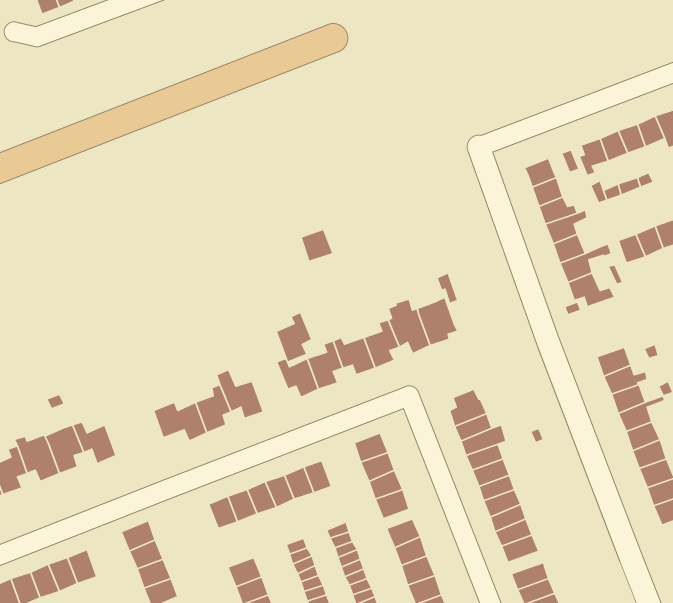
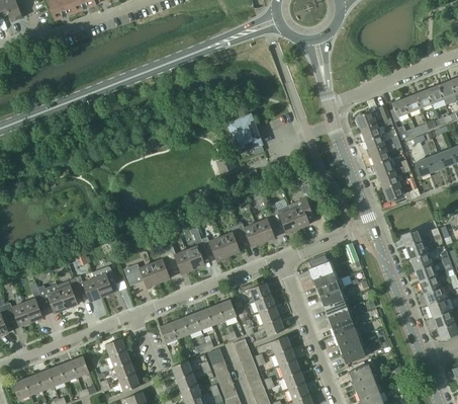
building: none -> [227,114,261,152]
building: [276,312,312,362] -> [186,238,208,269]
building: none -> [92,265,116,297]

